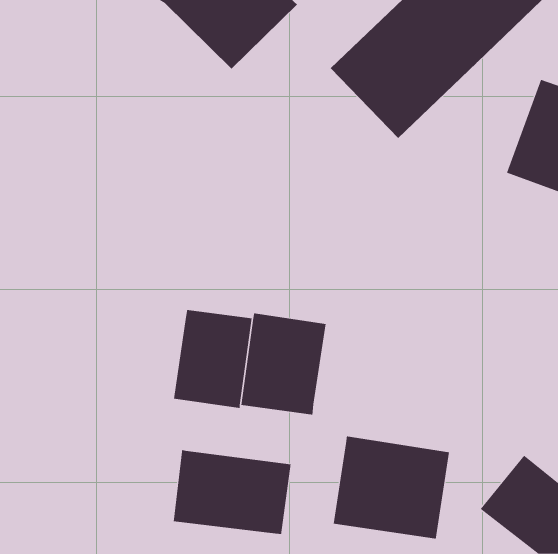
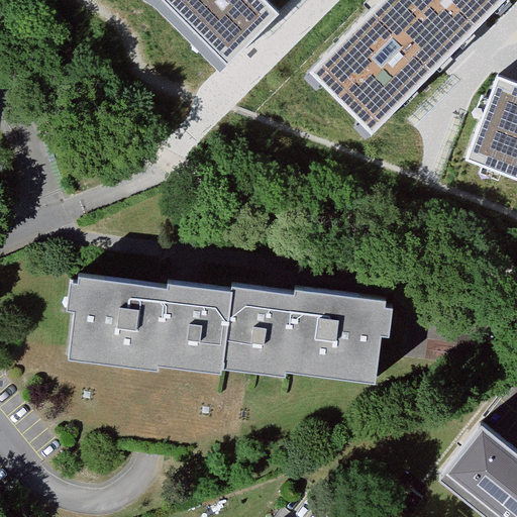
building: none -> [75,278,175,373]
building: [333,436,450,539] -> [293,290,400,385]
building: [173,449,291,535] -> none

